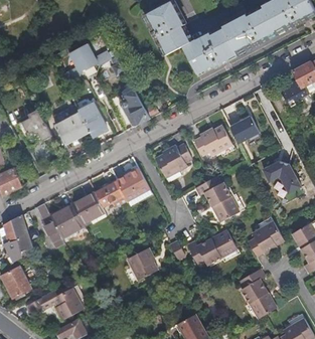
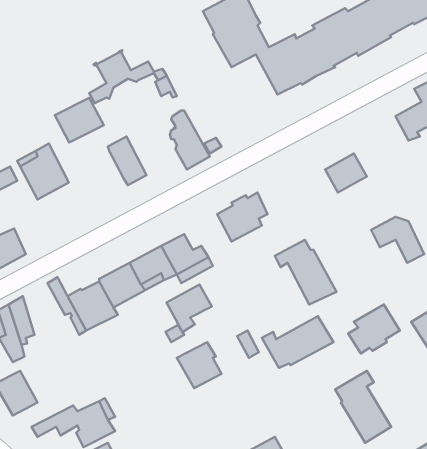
building: [56,113,91,144] -> [55,98,104,142]
building: [194,124,232,154] -> none
building: none -> [167,284,212,332]

